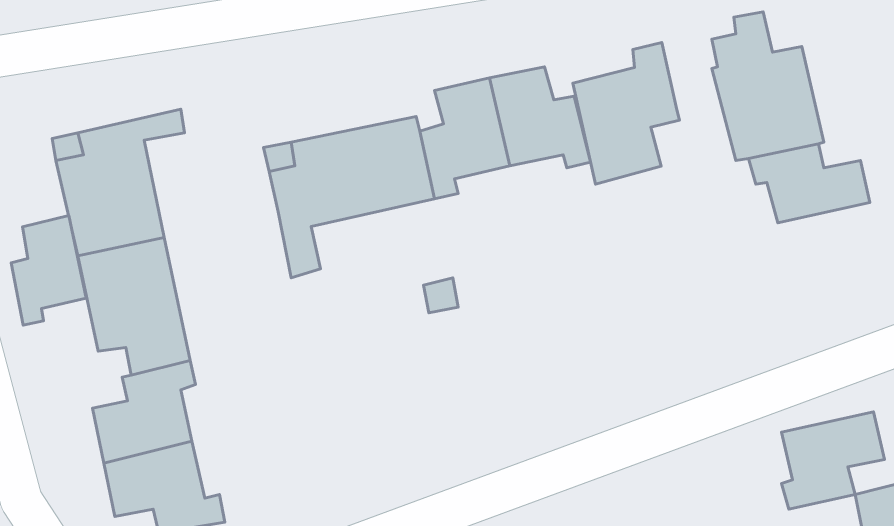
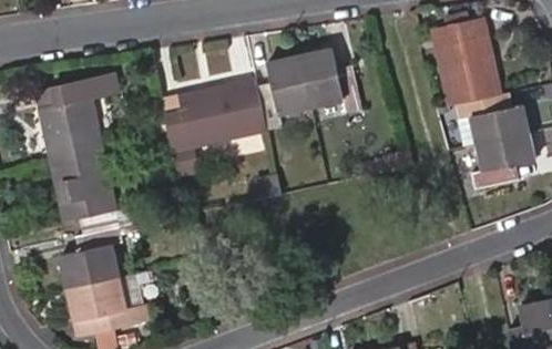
building: [573,43,680,184] -> none
building: [11,216,86,325] -> none
building: [782,412,885,509] -> [472,131,534,189]

